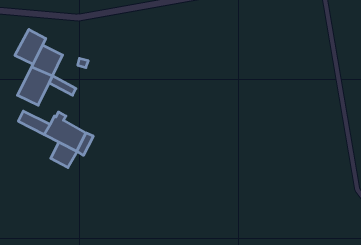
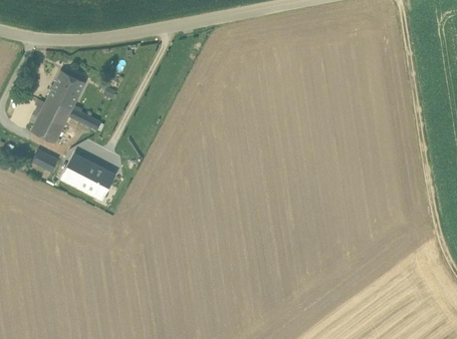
building: [15,29,46,64] -> none
building: [51,142,77,168] -> none

